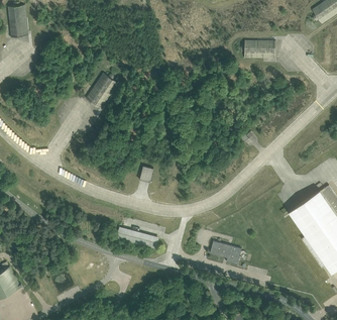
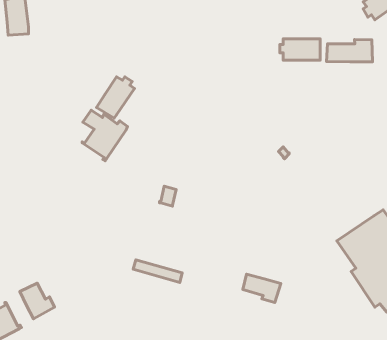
building: none -> [327,40,373,62]
building: none -> [82,110,128,161]
building: none -> [20,283,55,319]

